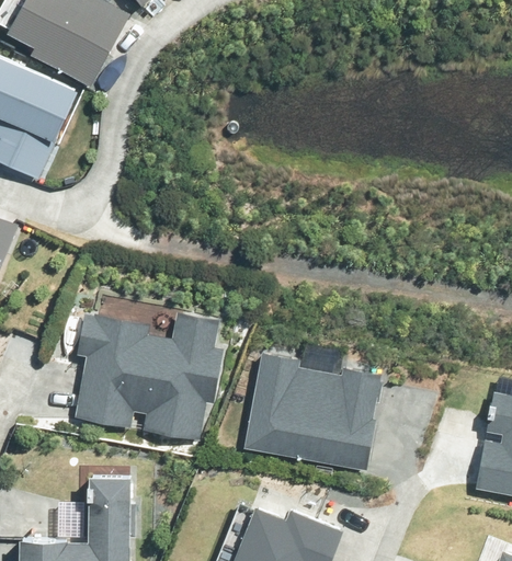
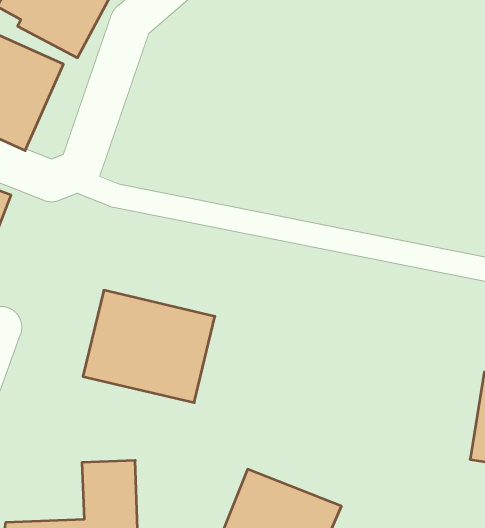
building: [243,352,395,466] -> none

